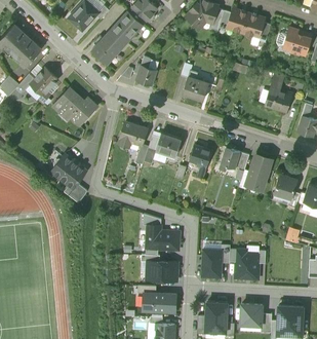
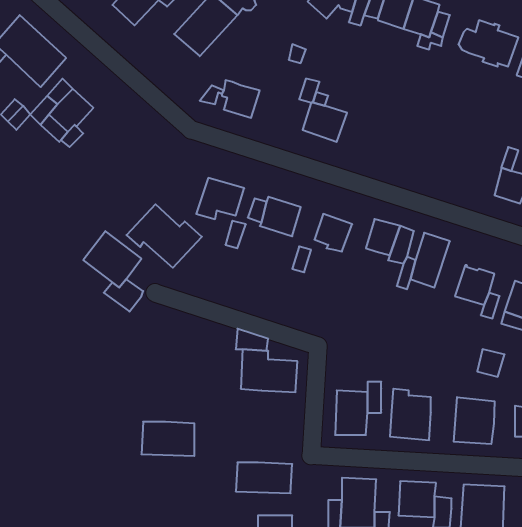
building: [92,36,121,64] -> none
building: [265,74,291,112] -> none
building: [52,87,97,125] -> [126,204,202,268]
building: none -> [454,397,495,444]
building: [146,261,177,281] -> [141,422,194,456]

